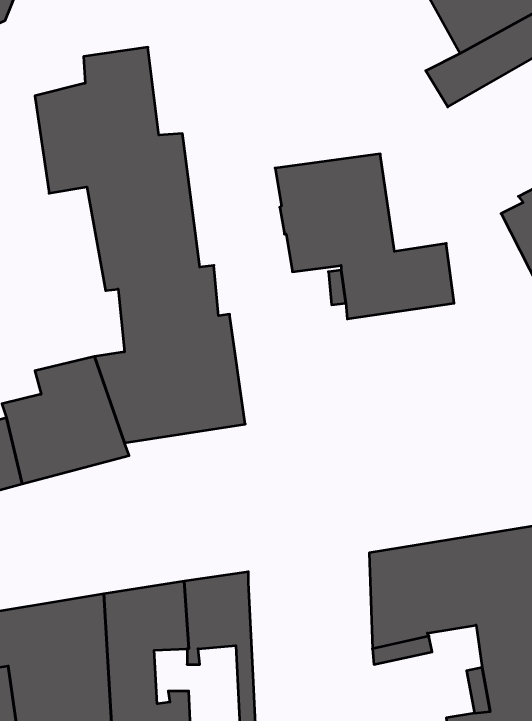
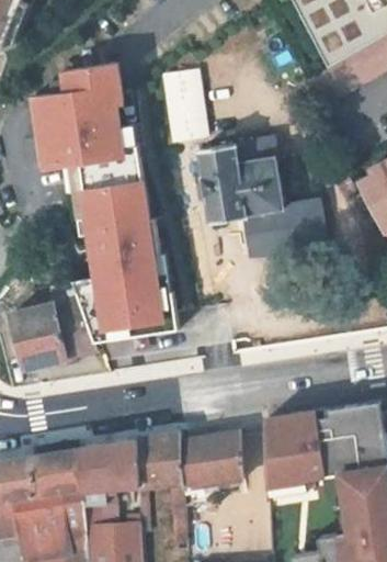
building: none -> [166,68,207,139]
building: none -> [180,430,241,504]

